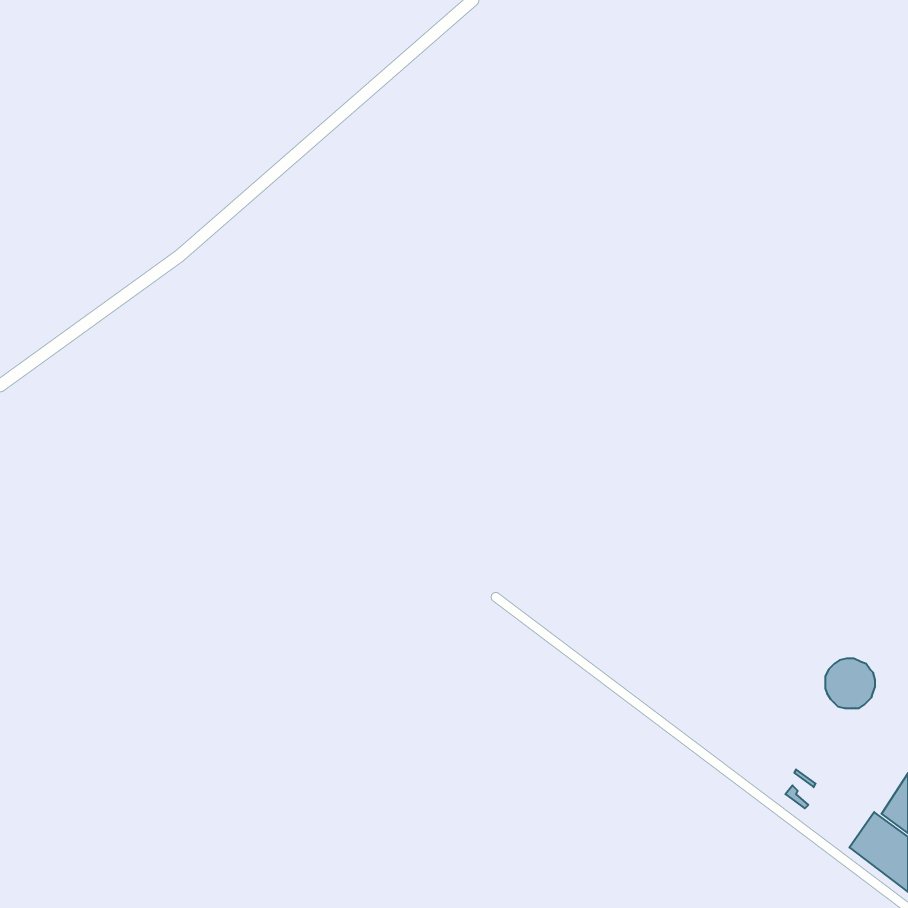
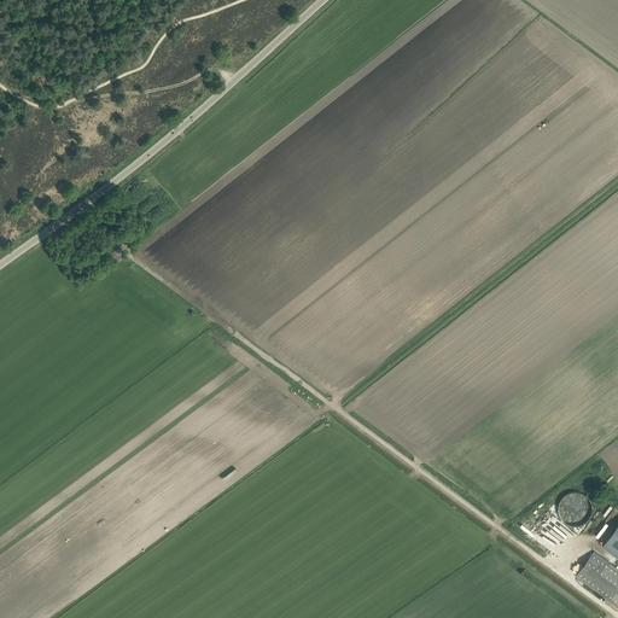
building: [825,658,875,708] -> [559,491,593,525]

